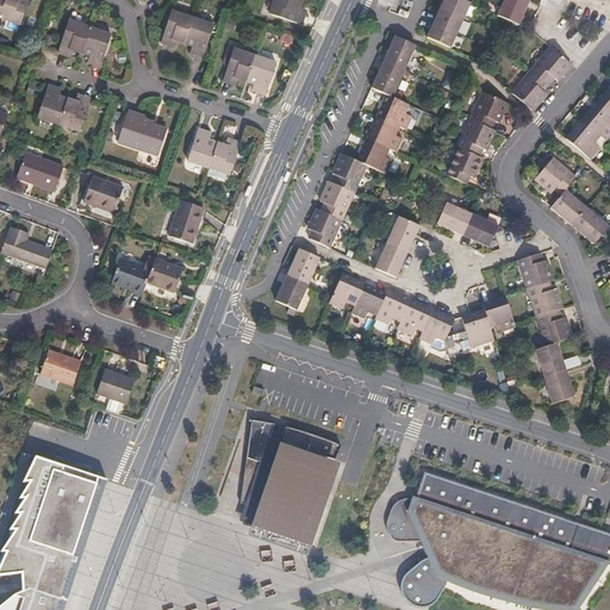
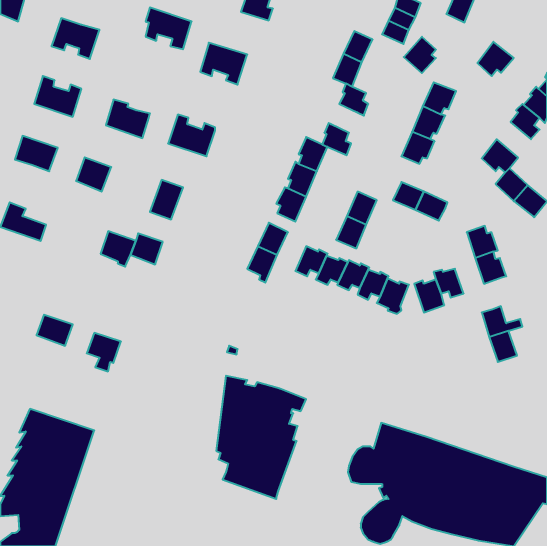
building: [511,70,547,111] -> [404,37,436,73]
building: [368,114,400,150] -> none
building: [539,309,573,344] -> none

